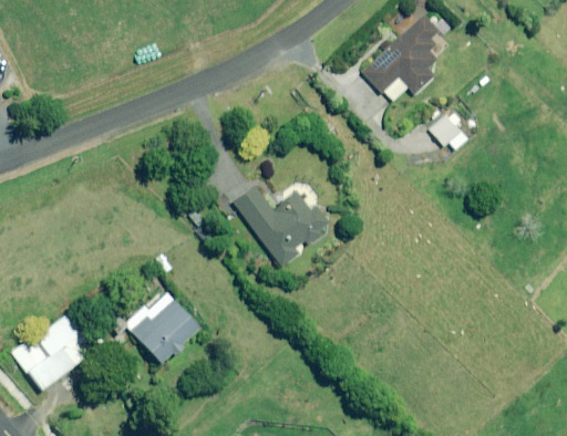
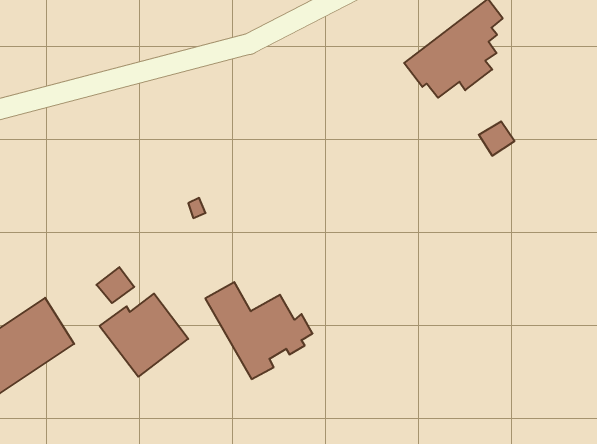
building: [233,185,327,266] -> [205,282,313,379]
building: none -> [96,267,134,303]

